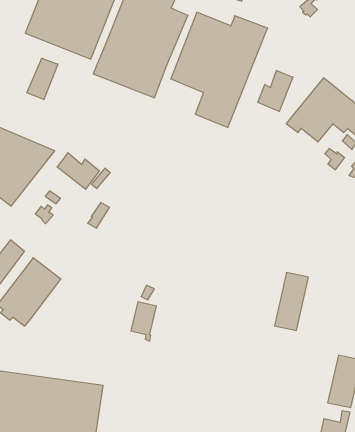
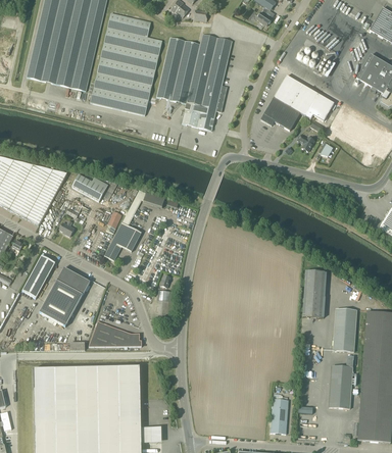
building: [27,58,58,100] -> none
building: [258,70,293,111] -> none
building: none -> [105,221,141,259]
building: [274,273,308,331] -> [302,269,325,317]
building: none -> [89,321,142,346]

